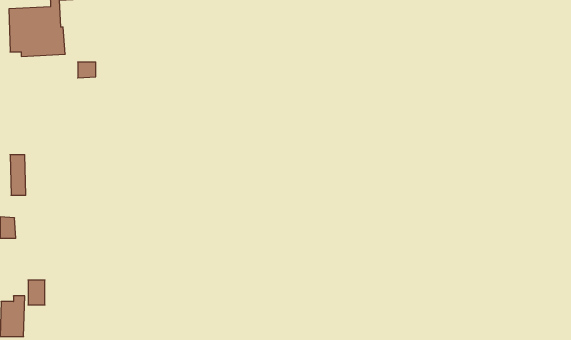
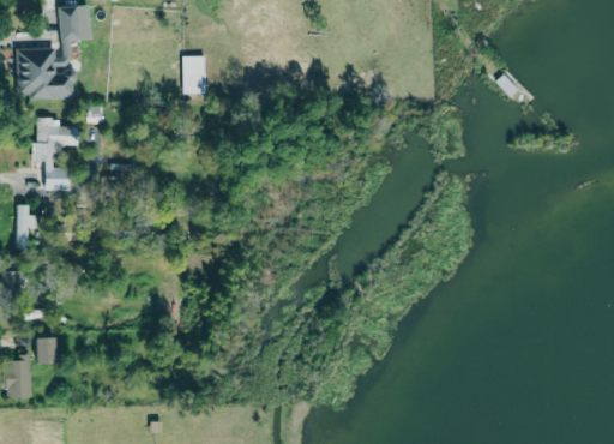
building: none -> [182,55,206,94]
building: none -> [34,118,80,190]

